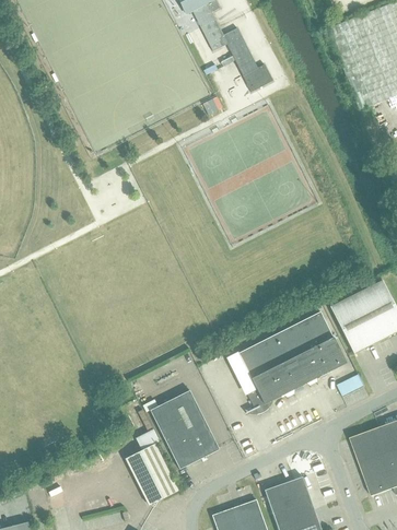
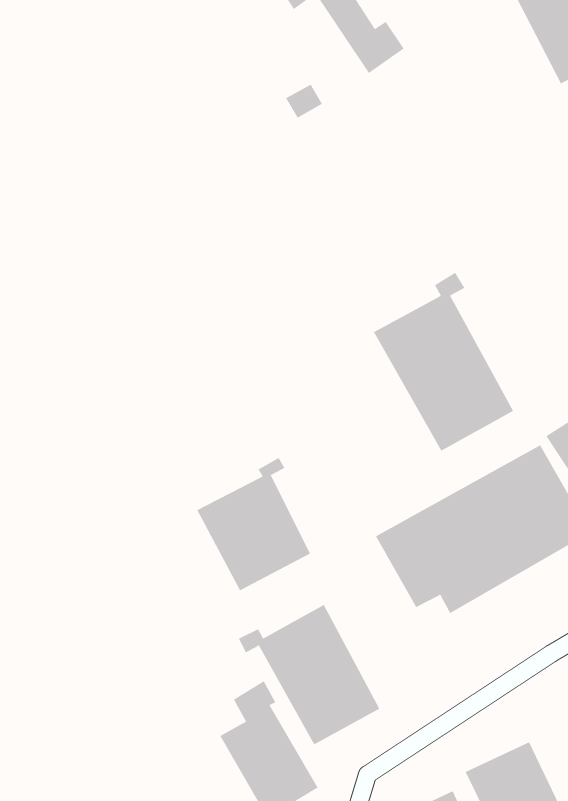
building: none -> [373,272,514,452]
building: none -> [196,457,311,591]

